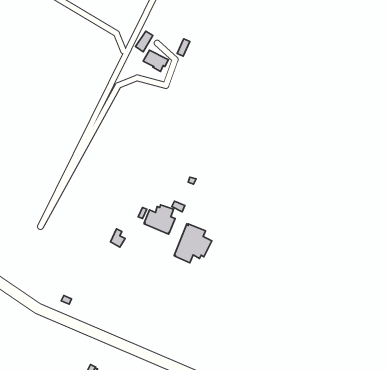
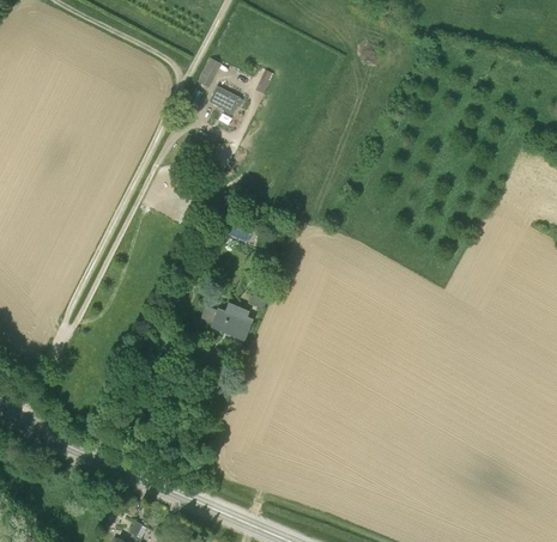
building: [174,224,212,263] -> none

